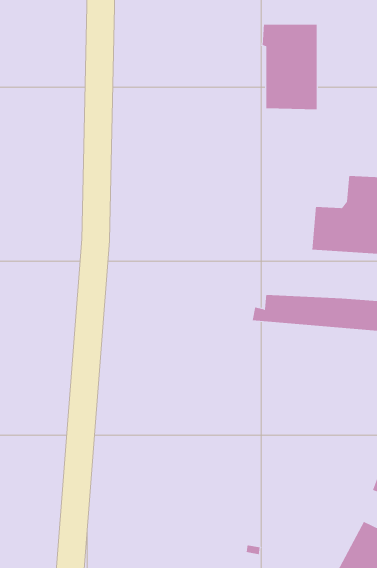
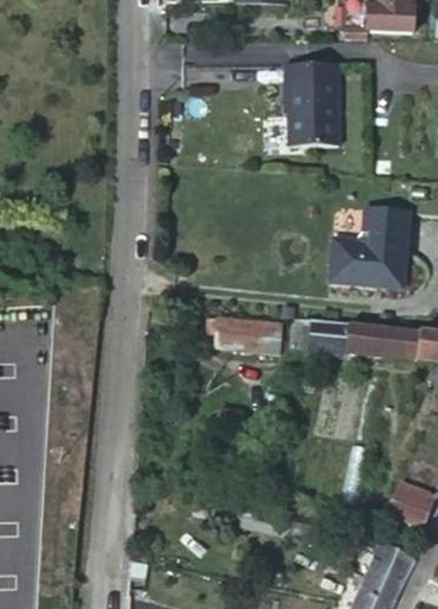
building: none -> [196,320,269,356]

